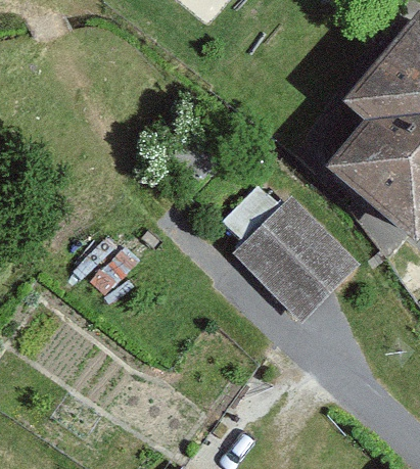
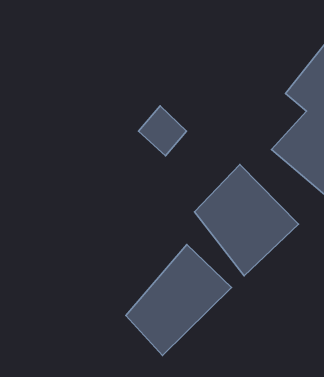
building: none -> [126,244,231,355]

